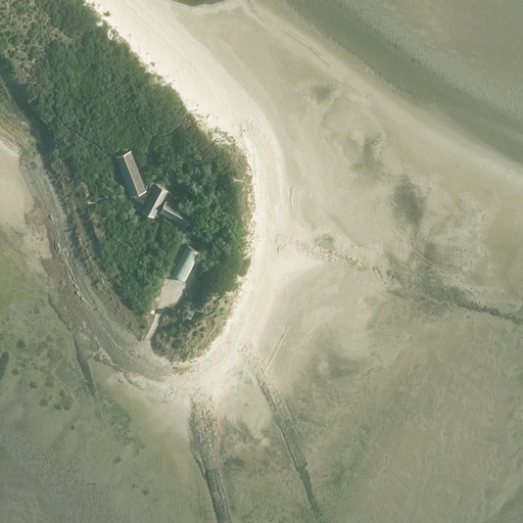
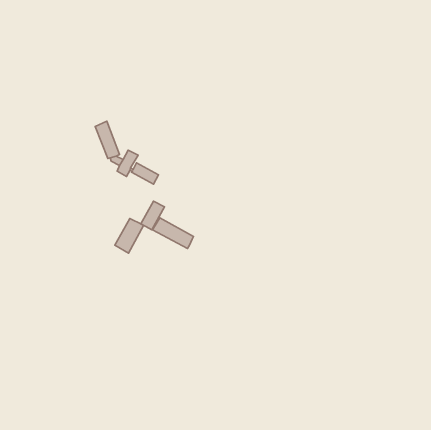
building: none -> [153,218,194,249]
building: none -> [115,218,143,253]

